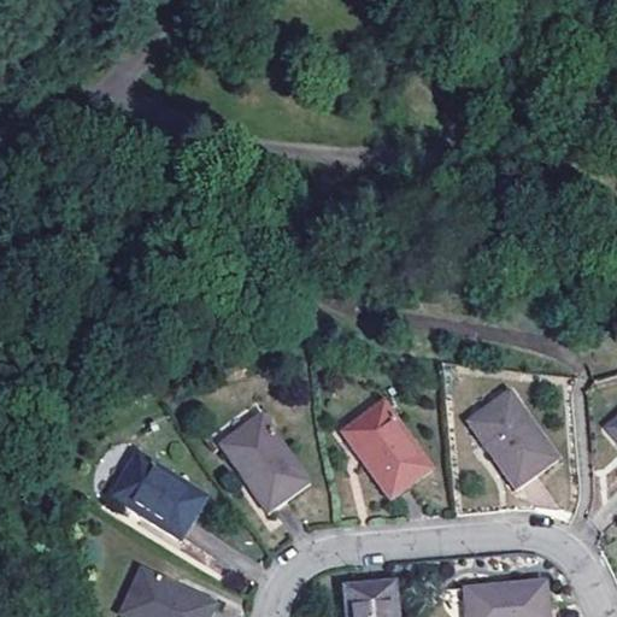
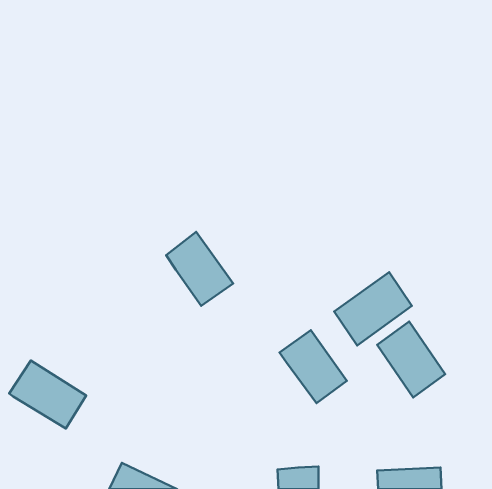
building: none -> [334,272,412,345]
building: [225,417,308,509] -> [166,232,233,306]
building: [123,462,218,546] -> [9,360,86,429]

